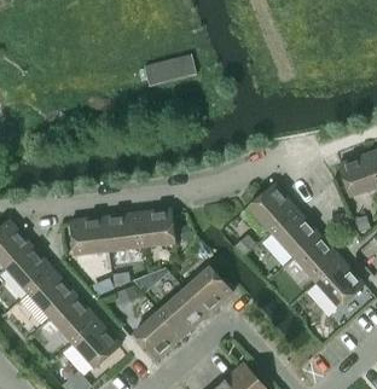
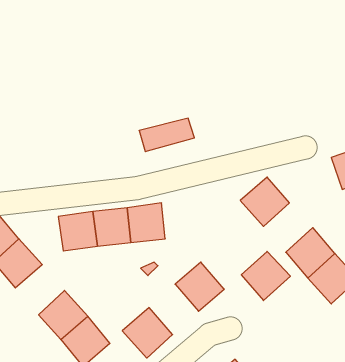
building: [143,57,197,89] -> [139,118,194,152]
building: [271,210,319,259] -> [241,251,290,301]
building: [27,271,75,320] -> none
building: [158,290,207,339] -> none

